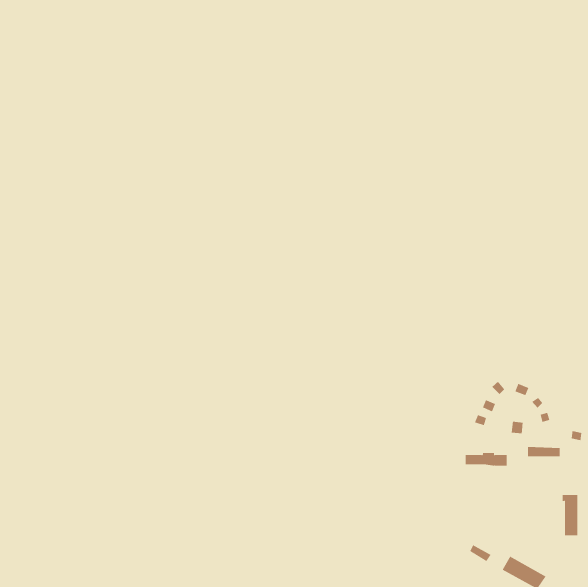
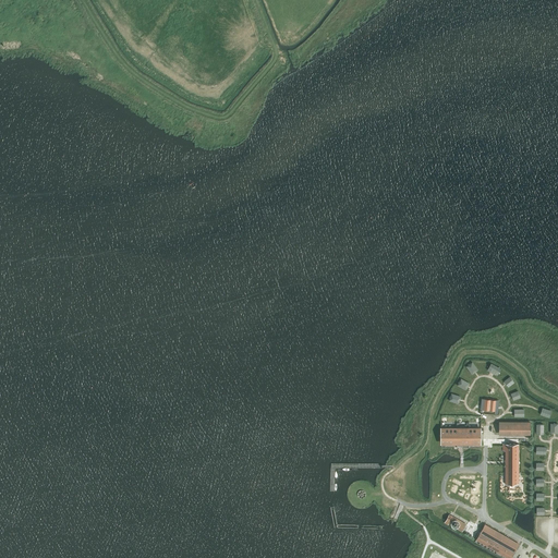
building: [562,494,578,536] -> [504,446,519,485]

